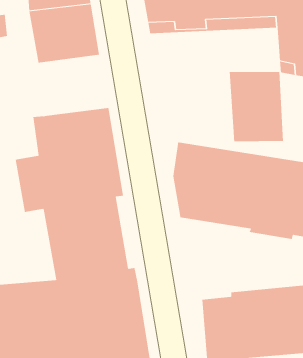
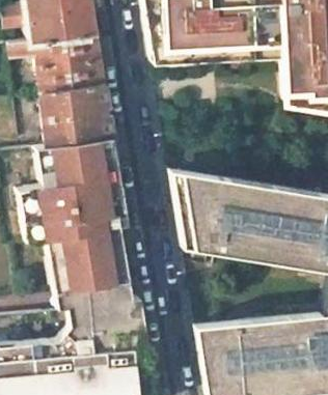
building: none -> [39,84,111,145]
building: [229,71,283,142] -> none

